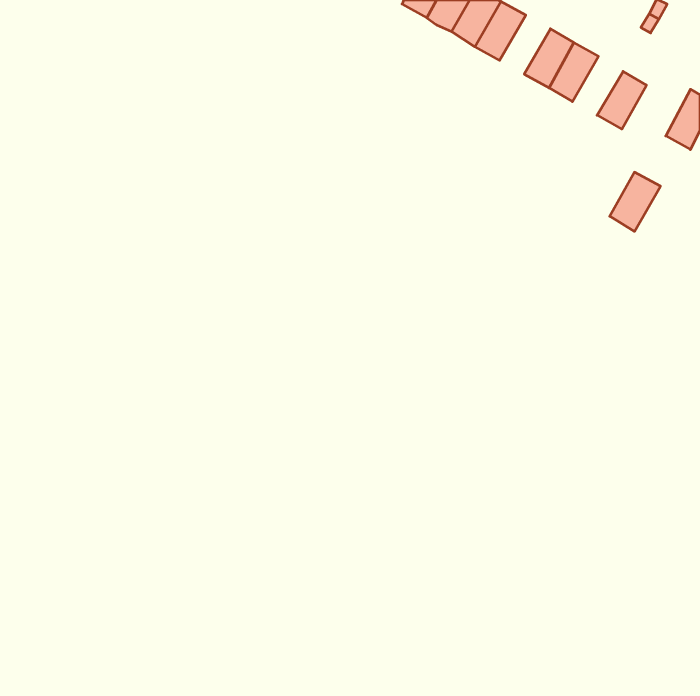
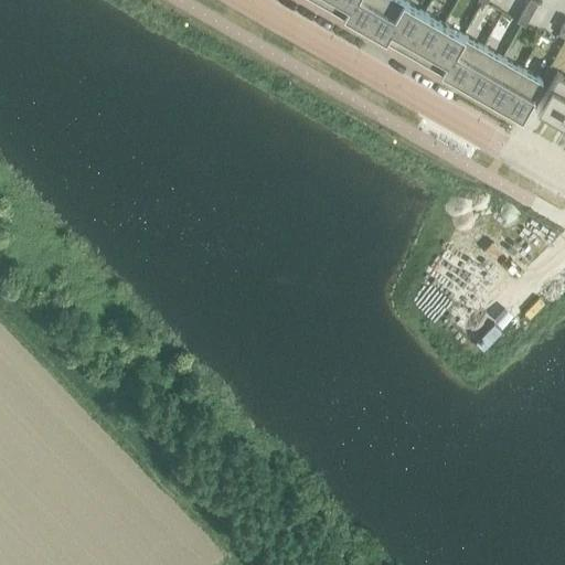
building: none -> [402,17,443,64]
building: none -> [460,50,501,97]
building: [610,172,660,231] -> [500,73,541,120]

